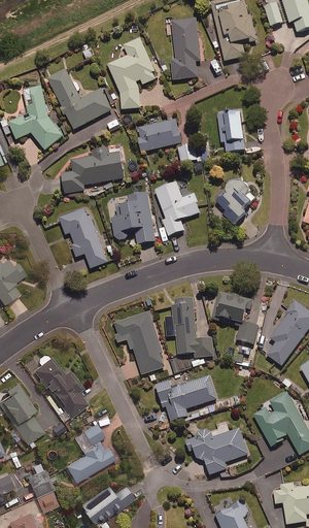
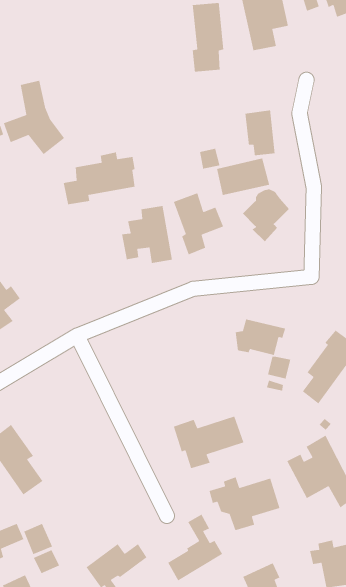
building: [107,38,154,110] -> none
building: [47,69,111,130] -> none
building: [136,120,182,153] -> [216,158,270,196]
building: [59,207,107,269] -> none
building: [172,299,213,358] -> none
building: [115,312,164,374] -> none
building: [34,357,88,418] -> none
building: [66,424,114,483] -> [167,513,223,582]

